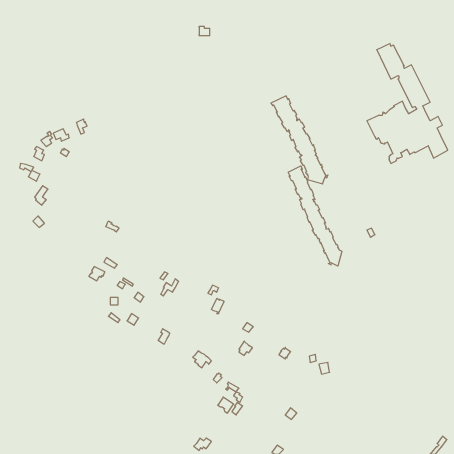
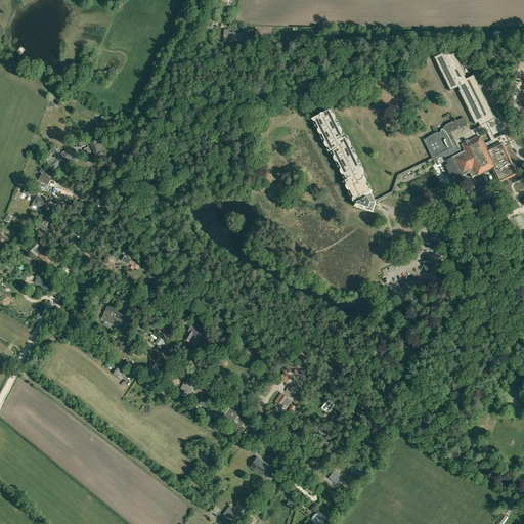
building: [288,166,342,266] -> none

